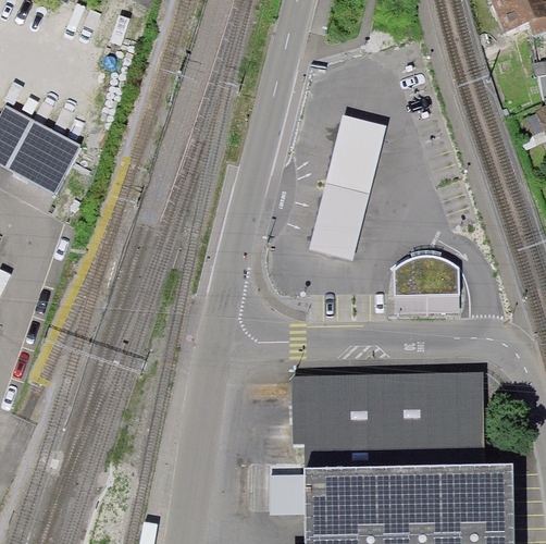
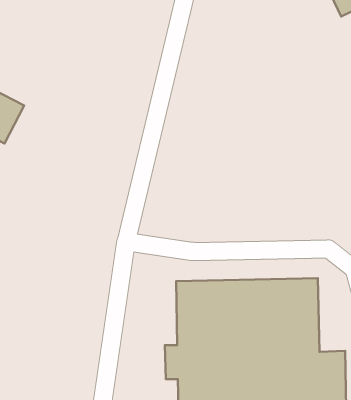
building: [310,118,387,265] -> none
building: [398,255,466,295] -> none

